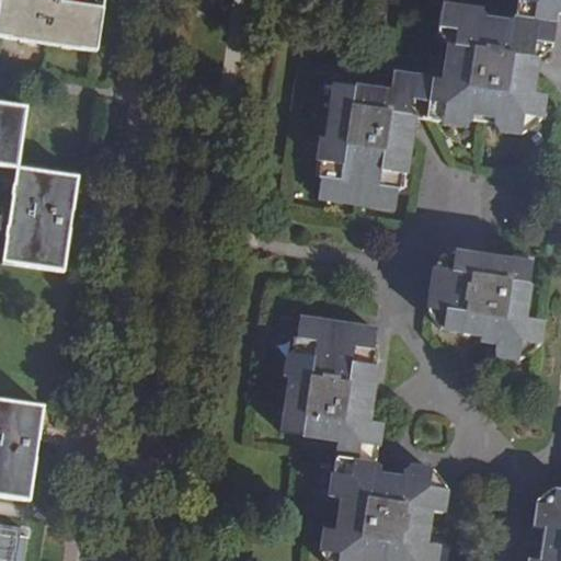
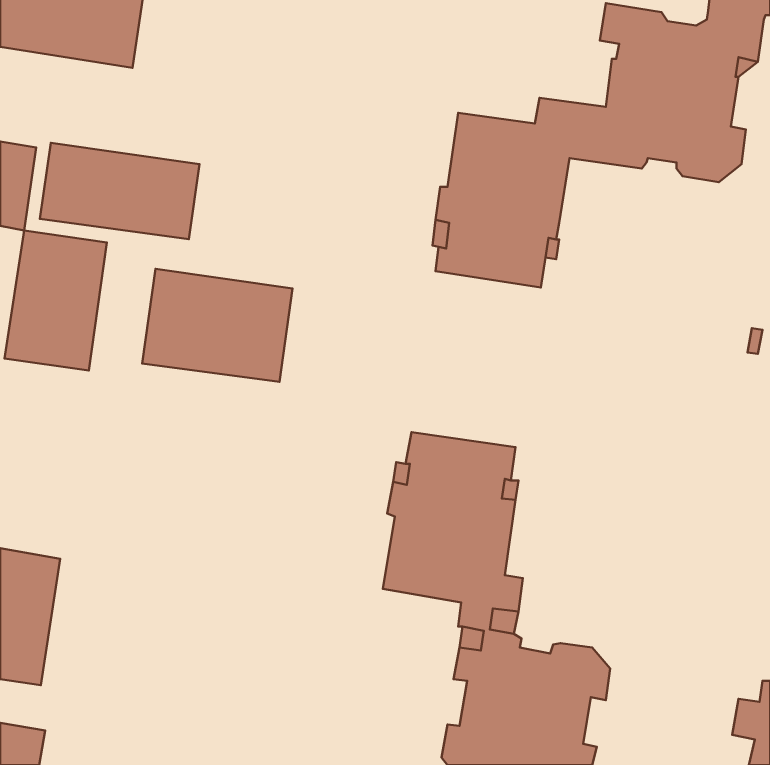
building: none -> [40,143,199,239]
building: none -> [142,269,293,382]
building: [427,249,540,357] -> none

